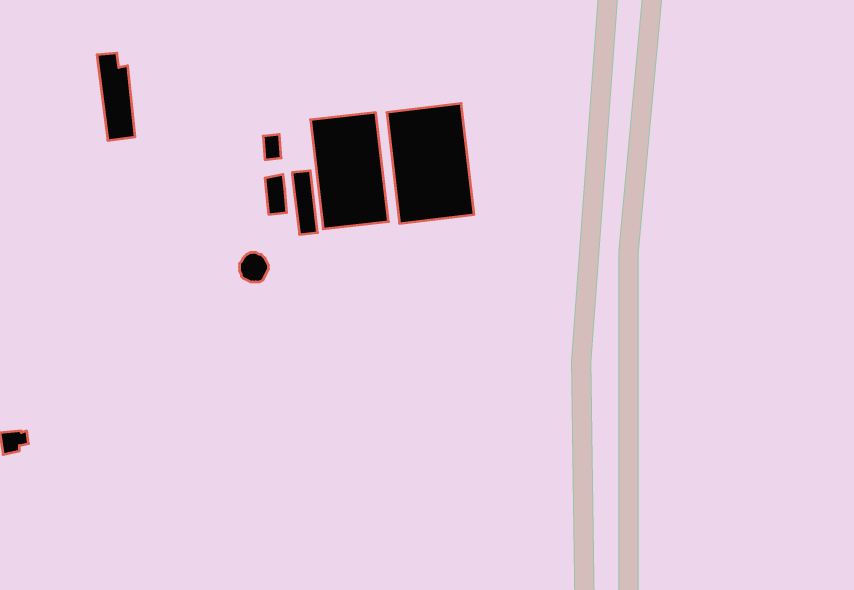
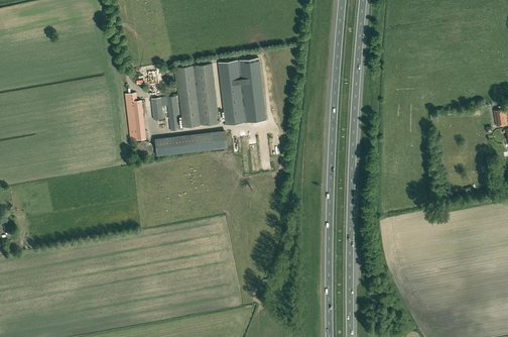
building: [97,53,135,140] -> [125,93,146,141]
building: none -> [155,131,228,157]

